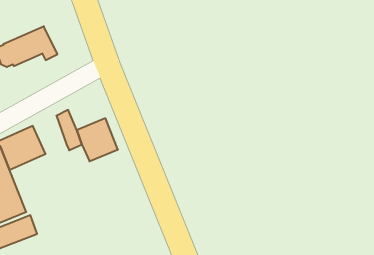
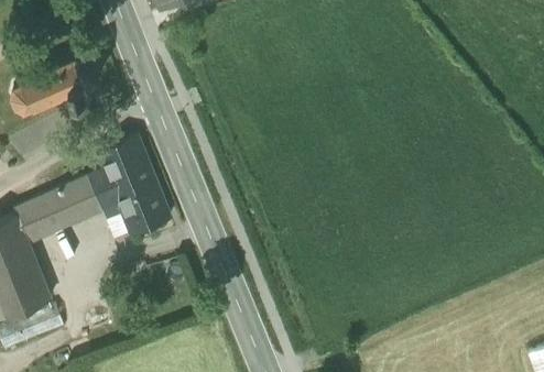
building: none -> [99,135,154,193]
building: none -> [59,174,104,223]

